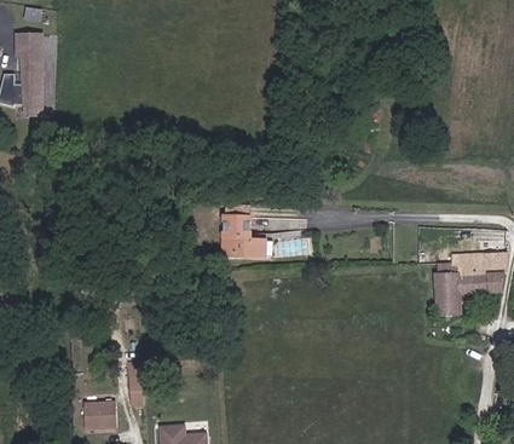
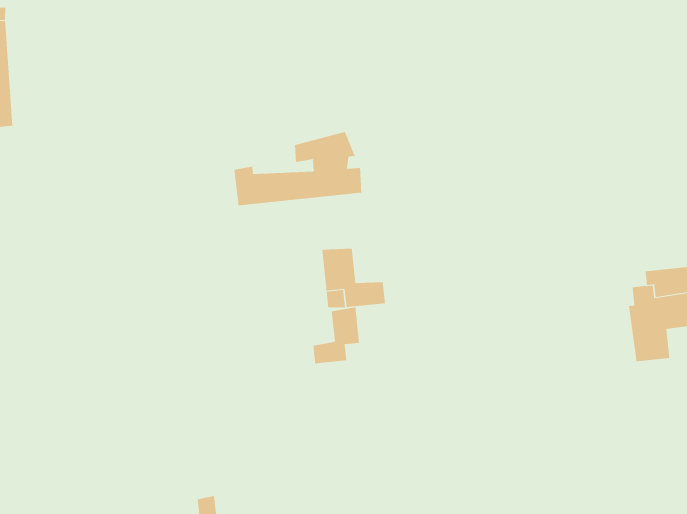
building: none -> [234,131,362,206]
building: none -> [313,307,360,364]

